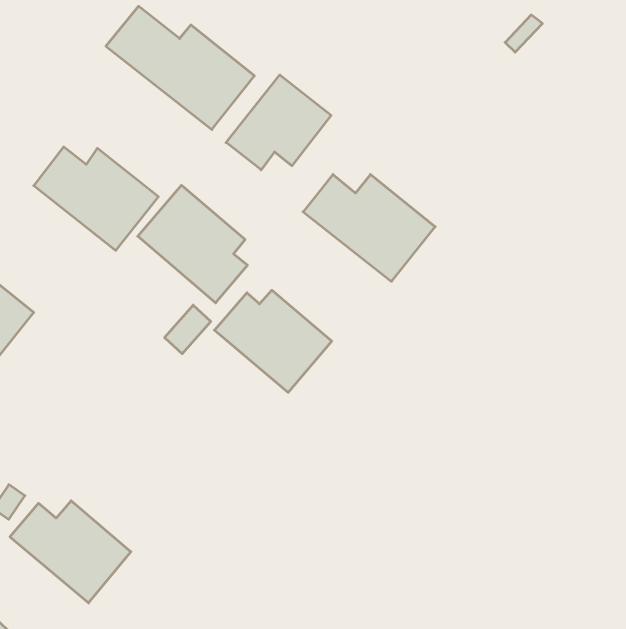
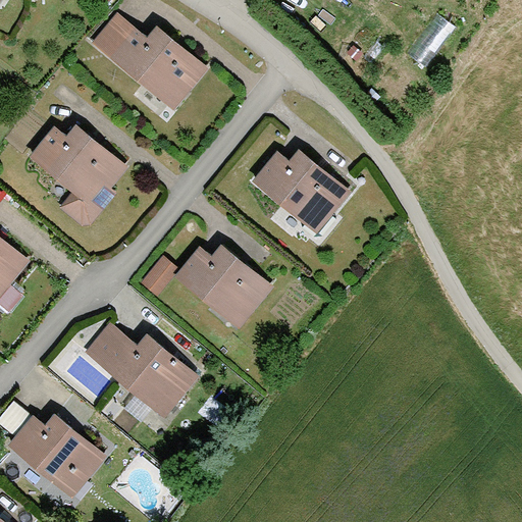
building: [226,75,331,170] -> none
building: [138,185,247,303] -> none
building: none -> [76,319,199,420]

